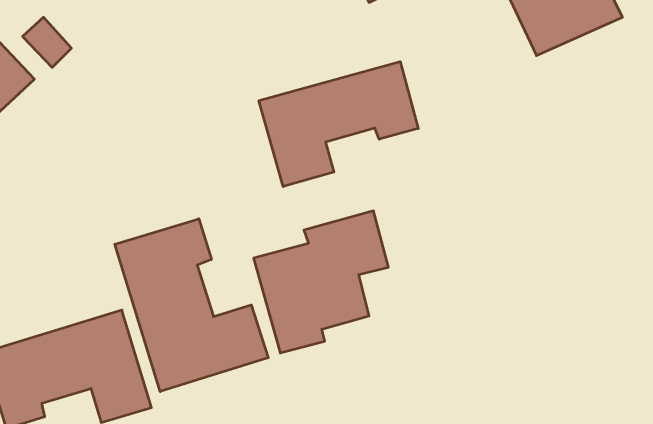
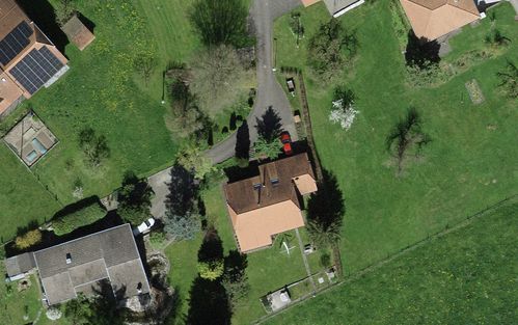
building: [259,62,418,187] -> none
building: [115,219,268,392] -> none

